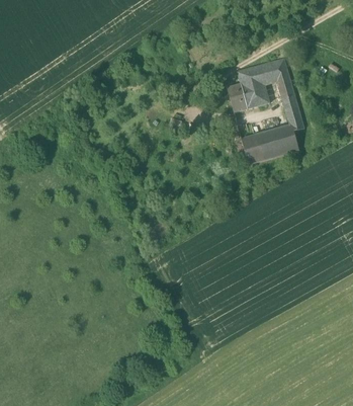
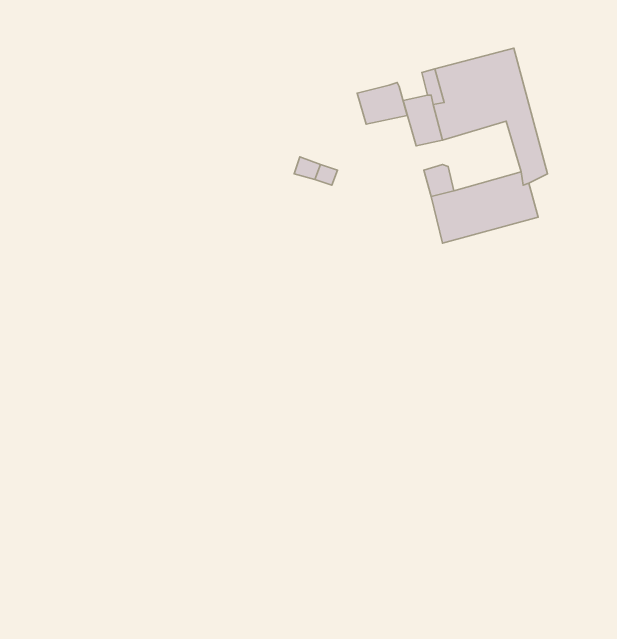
building: none -> [357,83,407,124]

